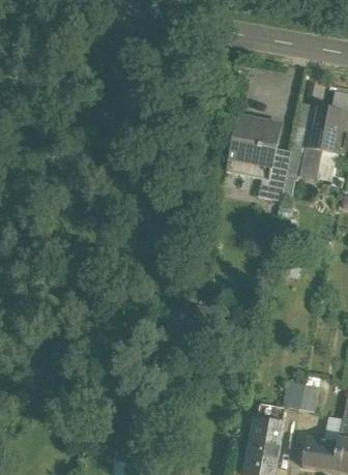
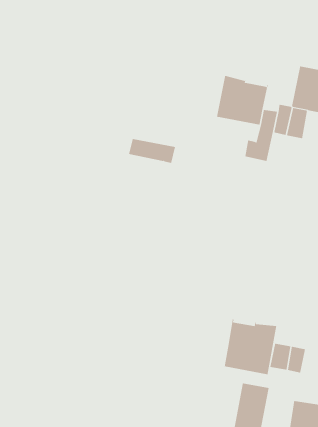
building: [226,155,273,180] -> [128,138,176,163]
building: none -> [224,319,277,375]

